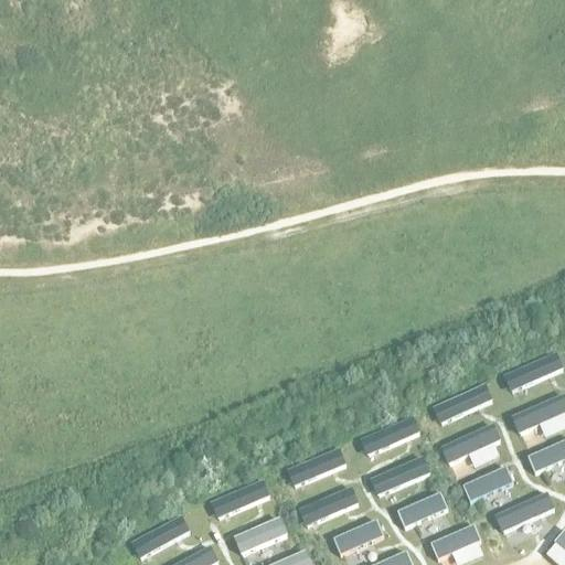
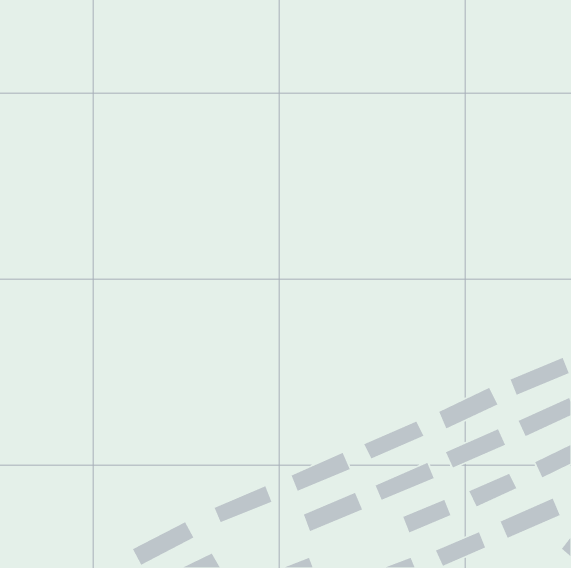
building: [234,516,288,554] -> none
building: [333,520,383,554] -> none

